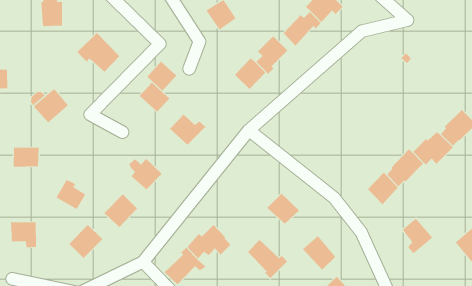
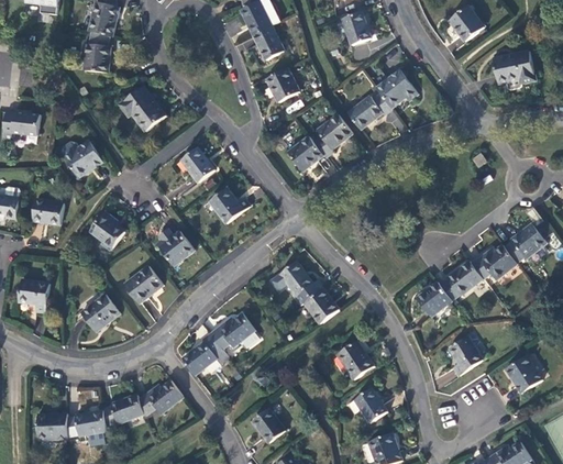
building: [146,61,177,92] -> none
building: [55,179,86,210] -> [90,211,124,246]
building: [247,239,288,279] -> [279,259,322,305]

